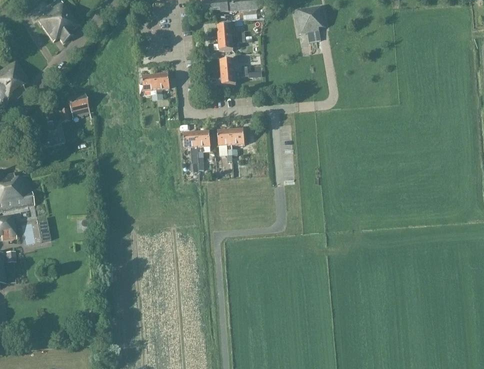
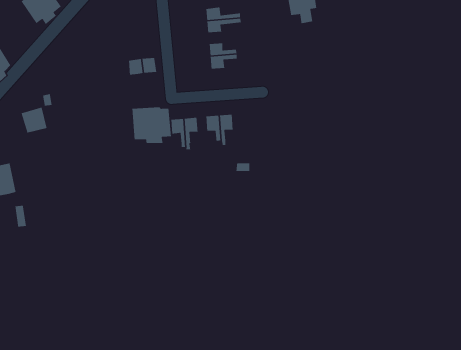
building: [66,94,88,118] -> none
building: none -> [132,106,172,144]

